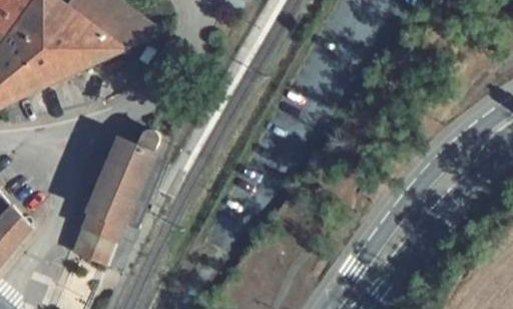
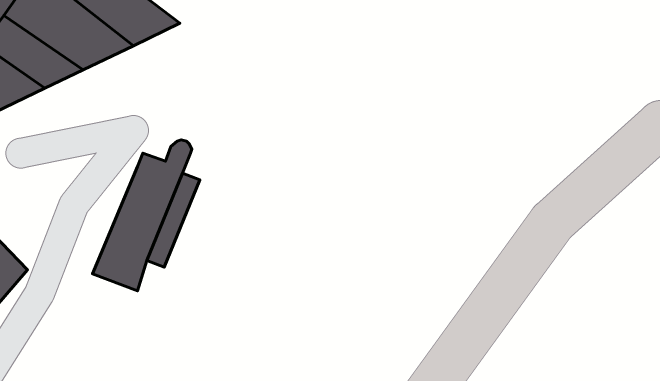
building: [72,227,114,262] -> none

